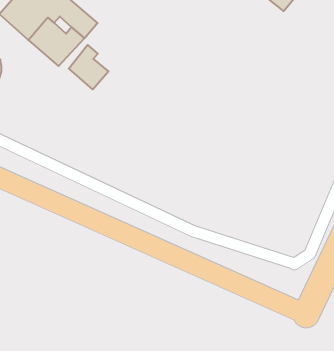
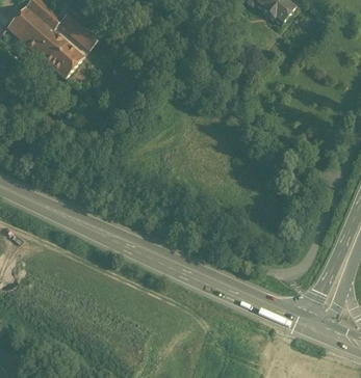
building: [69,45,108,89] -> none

